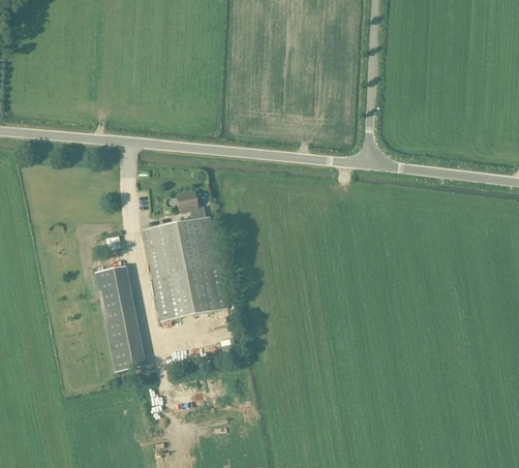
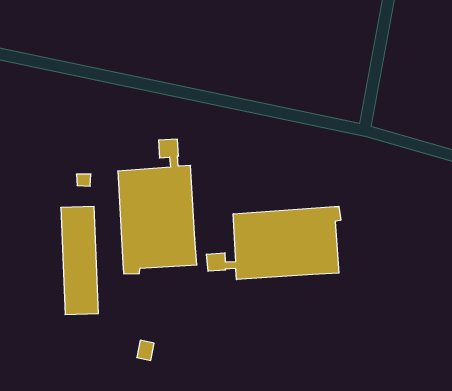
building: none -> [207,206,341,280]

